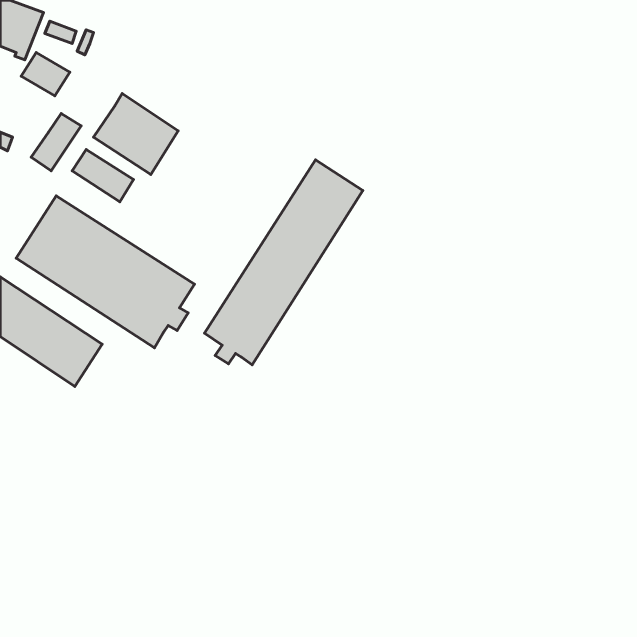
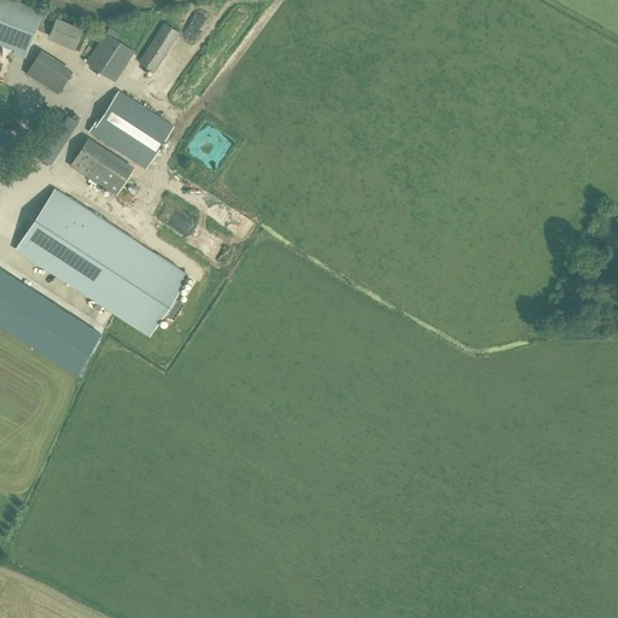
building: none -> [139,23,179,72]
building: none -> [86,28,134,82]
building: [204,160,363,365] -> none

